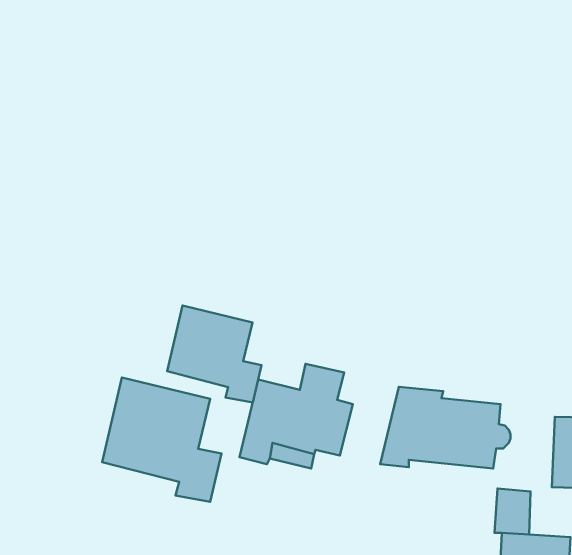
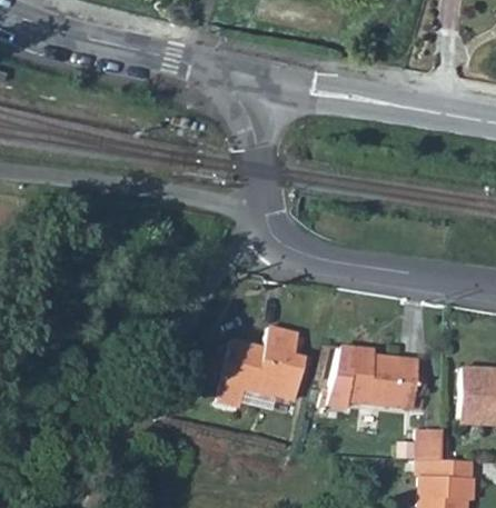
building: [167,306,262,402] -> none
building: [102,377,222,502] -> none

